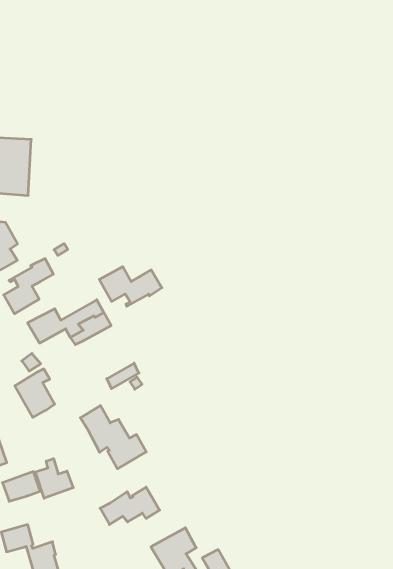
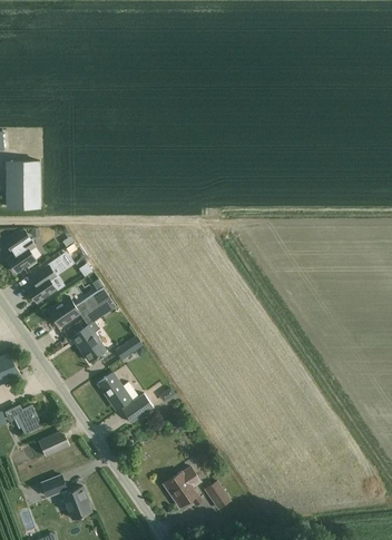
building: [99,267,162,306] -> none
building: [15,369,55,417] -> [71,322,105,362]
building: [35,459,73,498] -> none
building: [100,487,160,525] -> none

